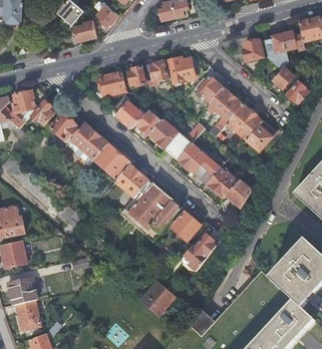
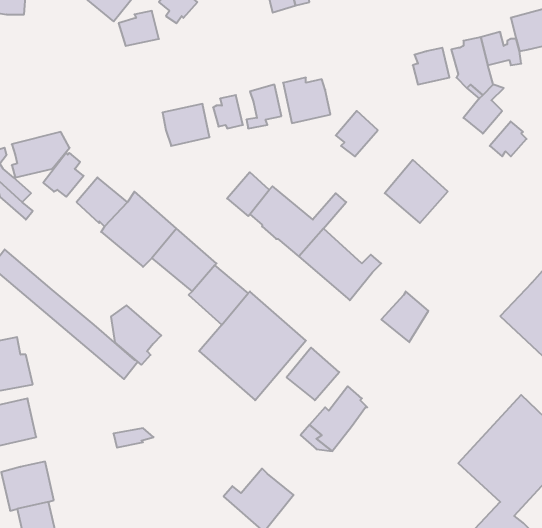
building: [205,86,242,136] -> none
building: [109,91,141,127] -> none
building: [246,121,275,150] -> none
building: [206,167,237,198] -> none
building: none -> [111,305,161,365]

